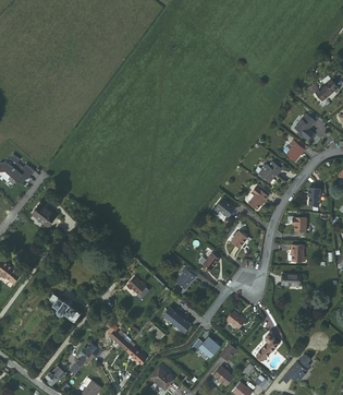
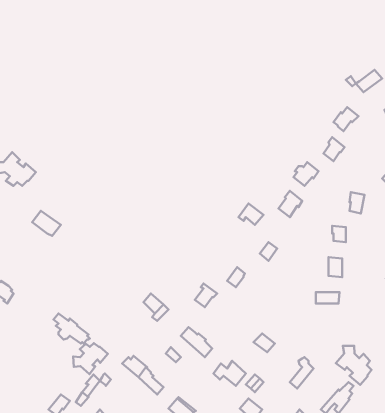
building: none -> [73,343,108,374]
building: none -> [336,346,371,385]

